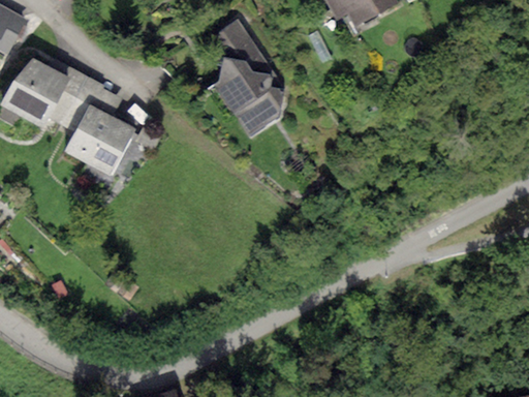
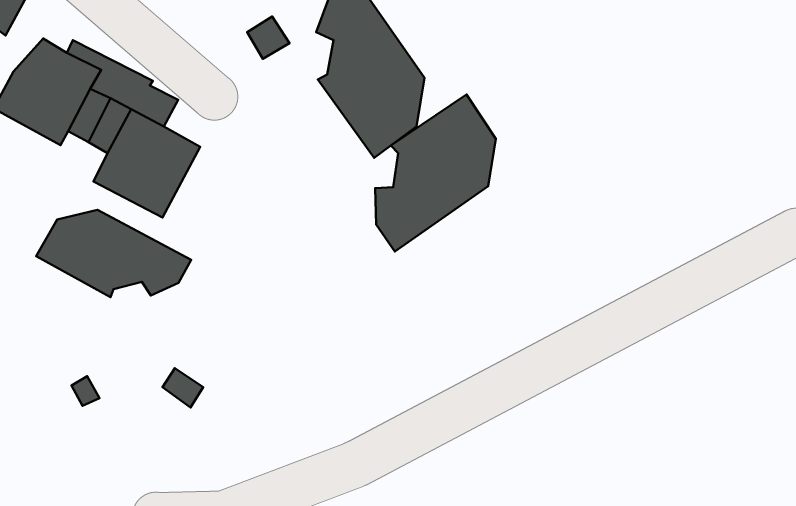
building: none -> [375,94,496,251]
building: none -> [36,210,191,297]

